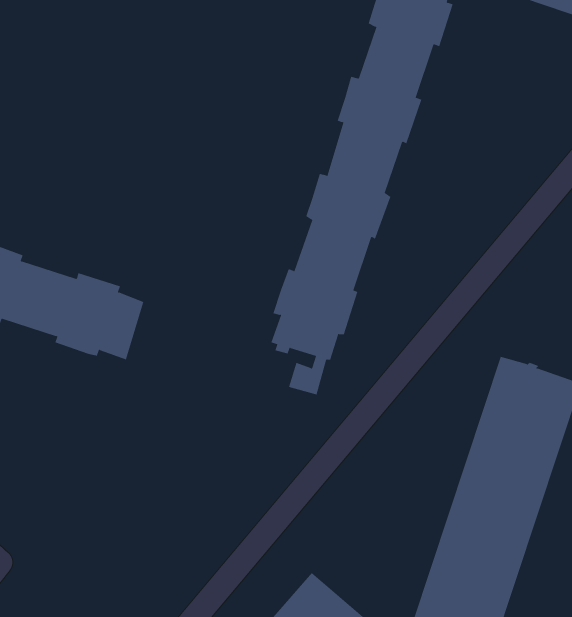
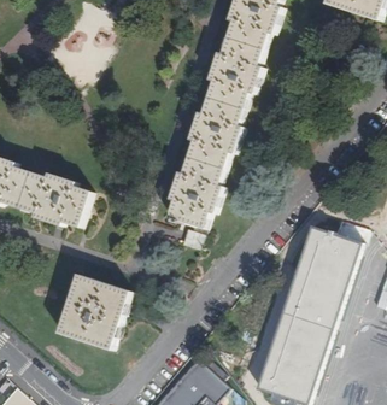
building: none -> [61,275,133,350]

